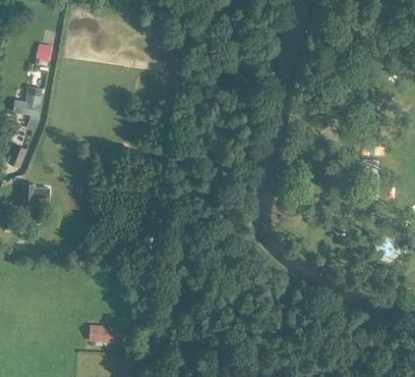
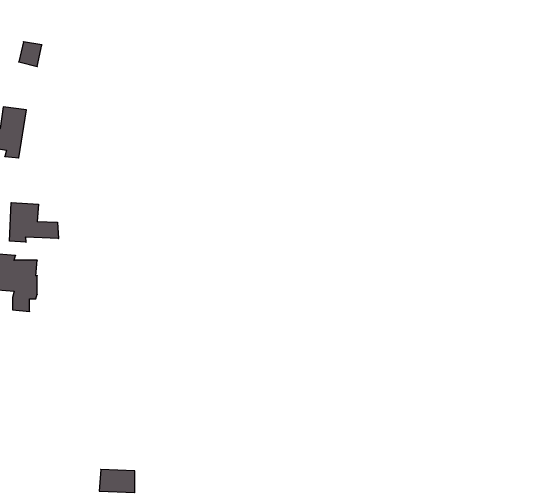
building: none -> [10,203,58,242]

